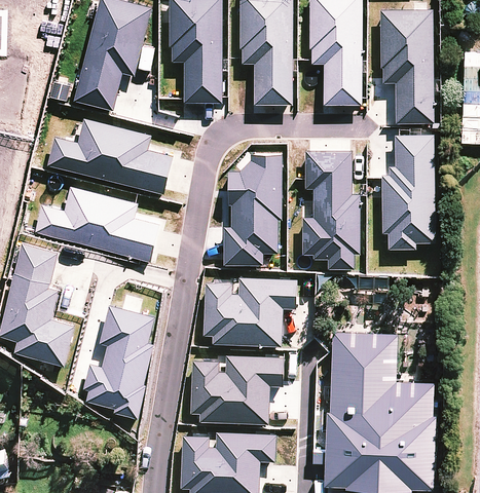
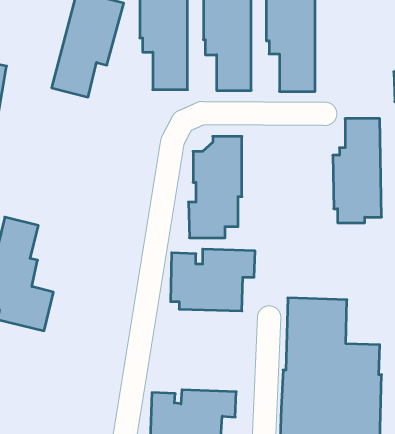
building: [379,9,434,123] -> none
building: [47,118,173,194] -> none
building: [302,150,360,268] -> none
building: [34,187,159,263] -> none
building: [83,304,155,417] -> none
building: [190,355,284,423] -> none

